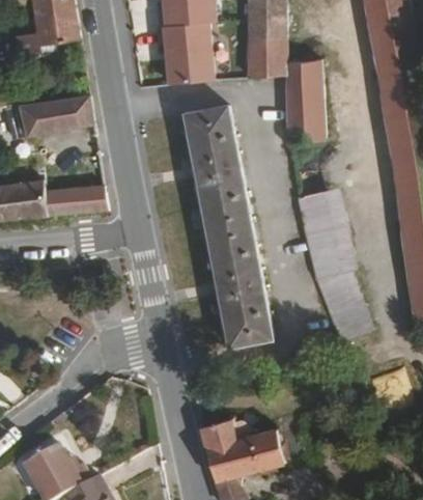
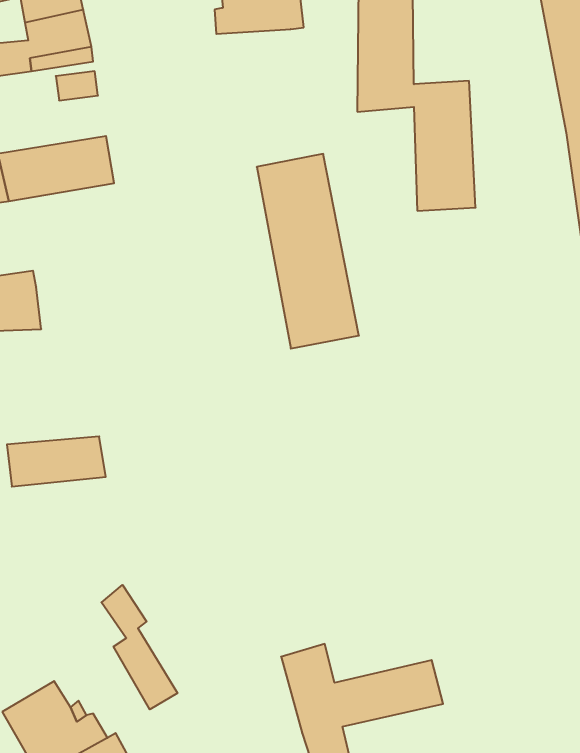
building: [157,25,210,85] -> none
building: [44,185,107,217] -> [7,436,106,487]
building: [298,191,365,339] -> none
building: [206,221,273,345] -> none
building: none -> [101,585,177,709]

